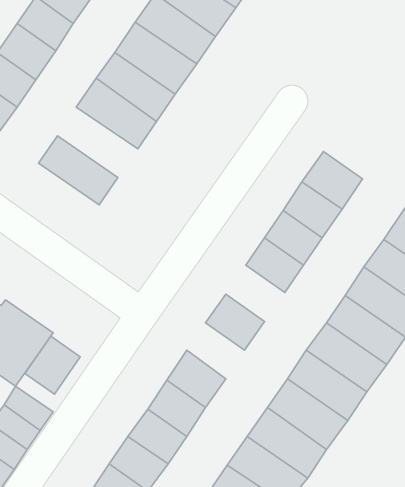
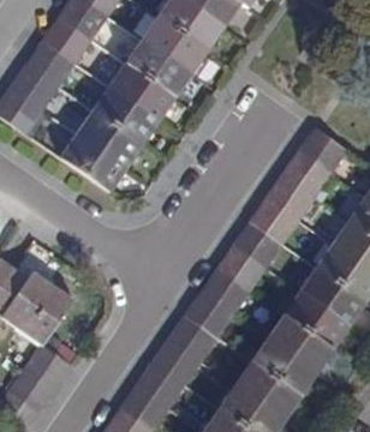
building: none -> [77,109,144,168]
building: none -> [299,124,347,169]
building: none -> [217,241,267,288]
building: none -> [185,289,233,336]
building: [25,336,80,394] -> none

